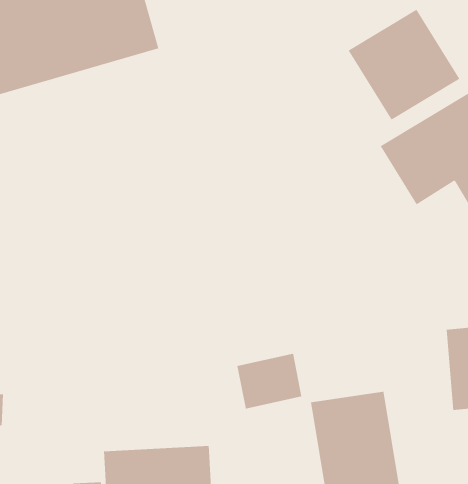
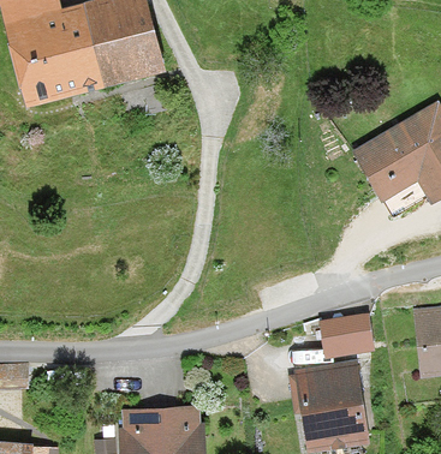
building: [348,9,460,121] -> none
building: [237,353,302,409] -> [318,313,375,362]

